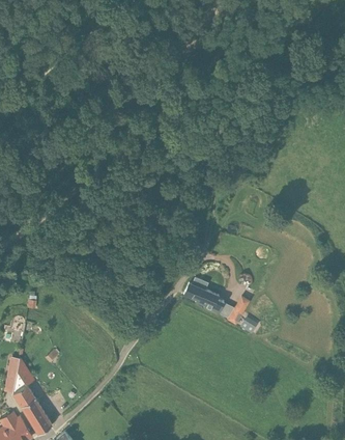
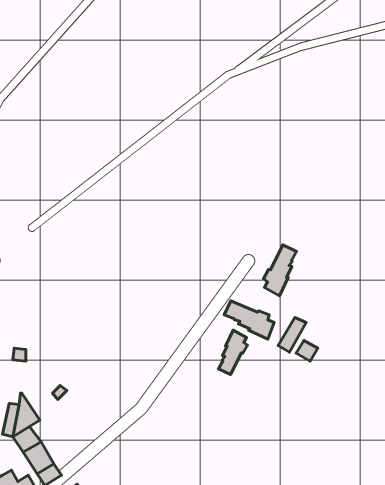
building: none -> [263,245,297,296]
building: none -> [218,330,247,375]

